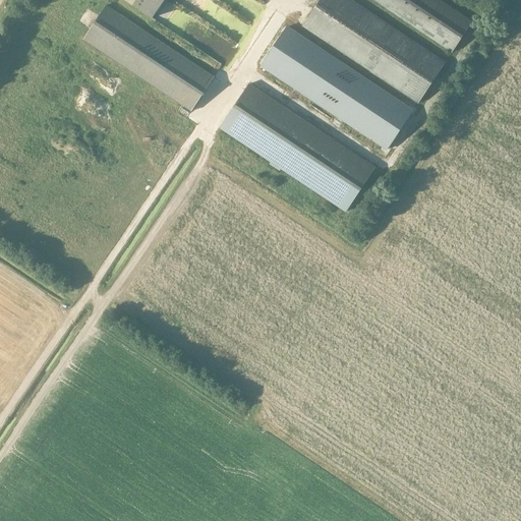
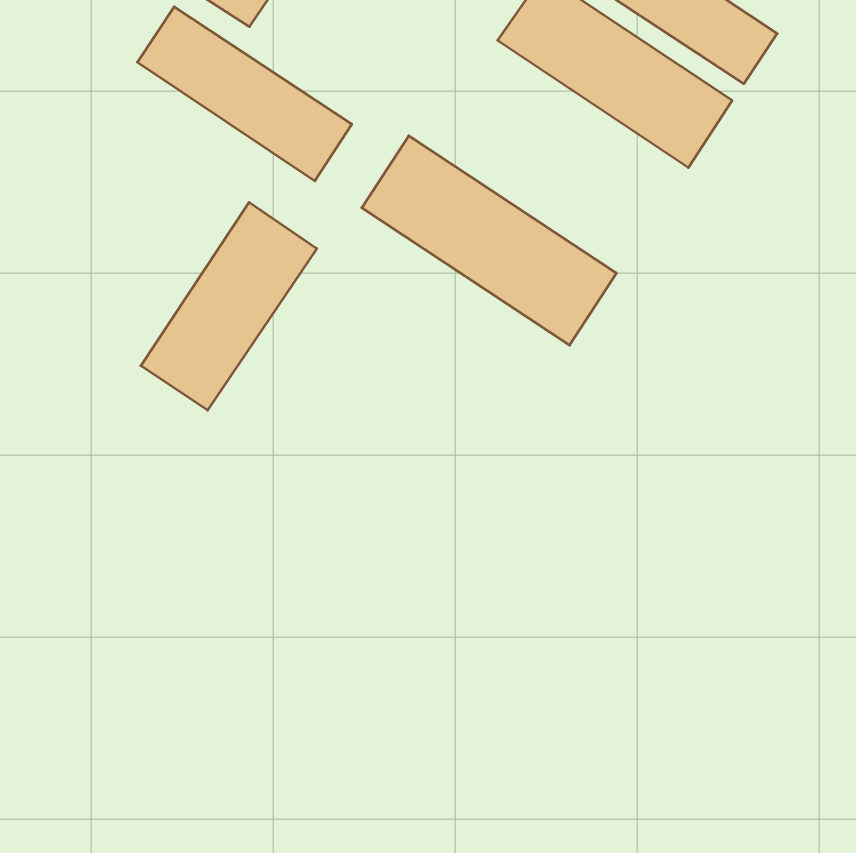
building: [260,25,412,149] -> none
building: none -> [141,202,317,410]

